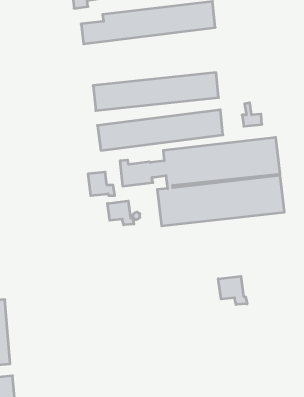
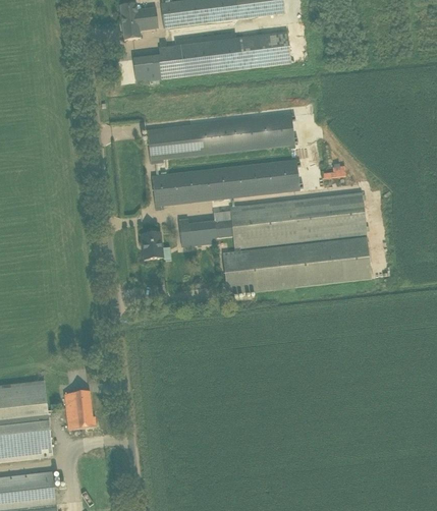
building: [107,201,134,225] -> none
building: [218,276,247,305] -> none
building: none -> [63,390,96,429]

